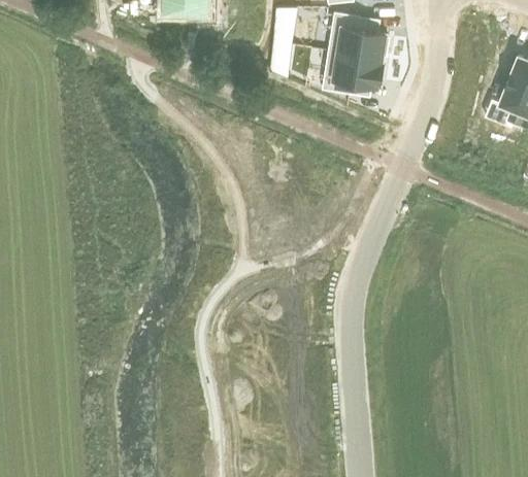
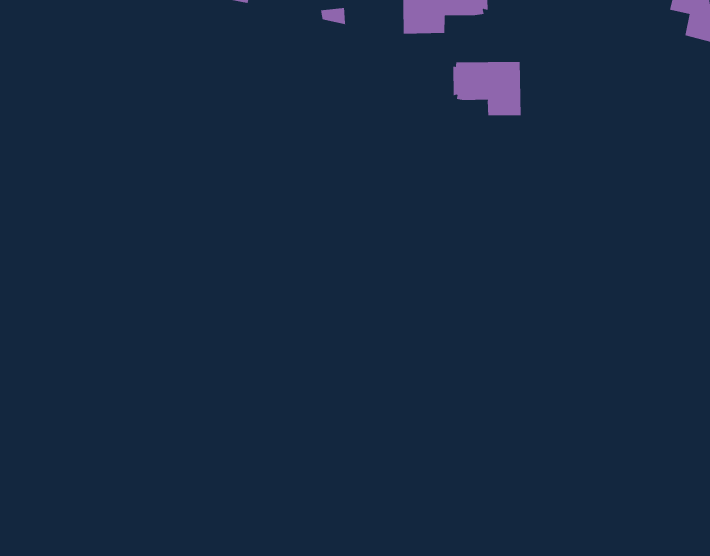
building: none -> [453,61,521,116]

